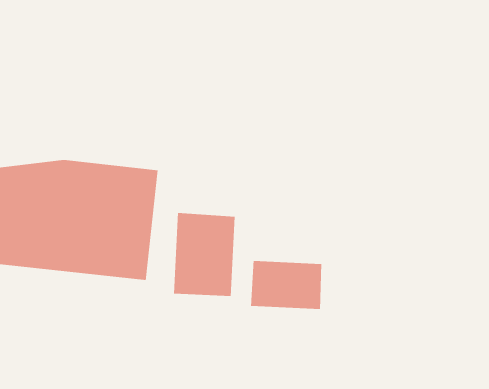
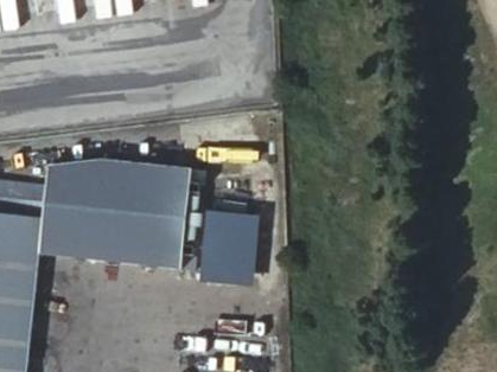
building: [251,260,322,310] -> none

